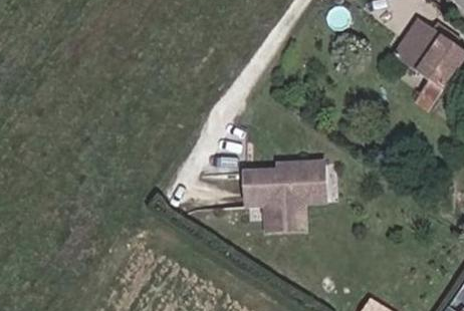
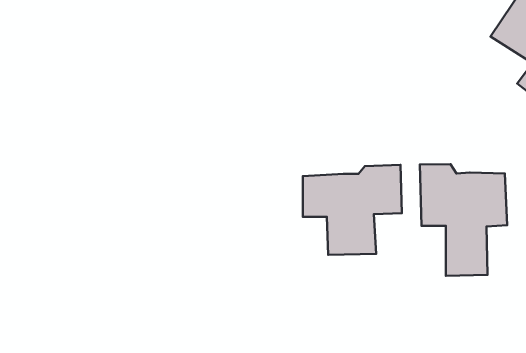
building: none -> [420,164,507,276]

